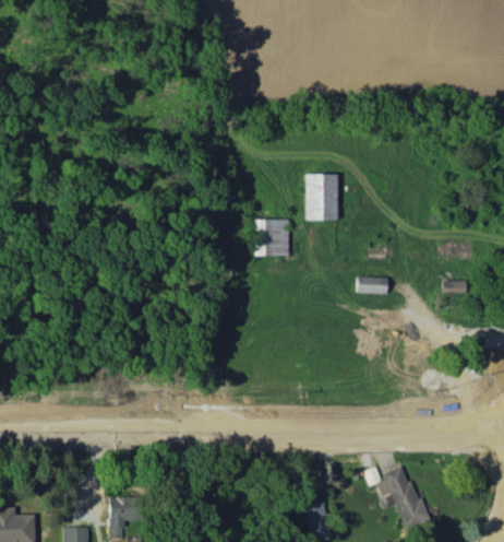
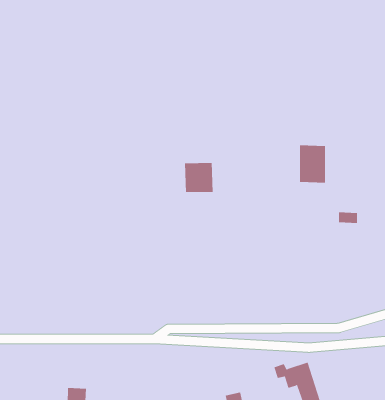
building: [305,174,338,221] -> [299,145,326,183]
building: [358,276,388,294] -> none

